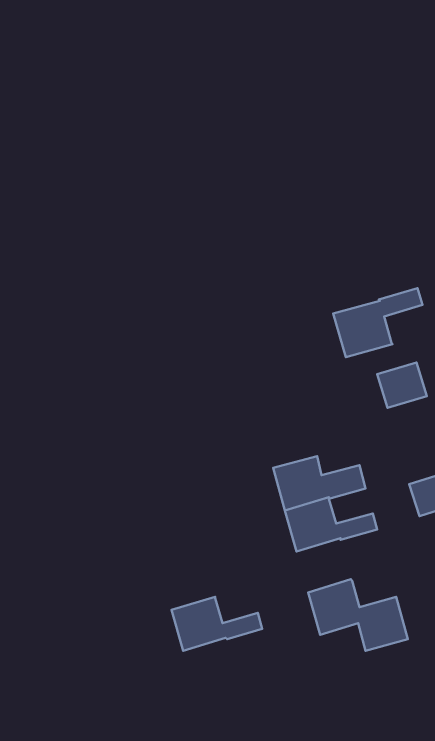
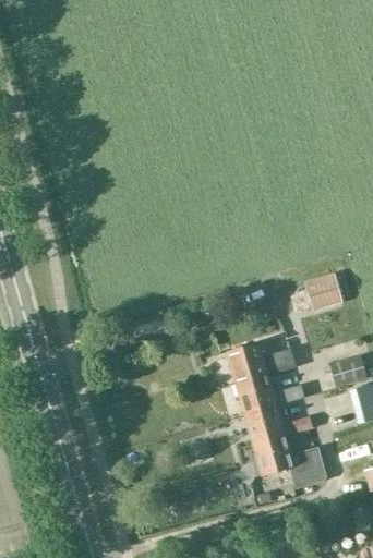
building: [333,288,423,357] -> none
building: [171,597,262,651] -> [244,404,312,445]

